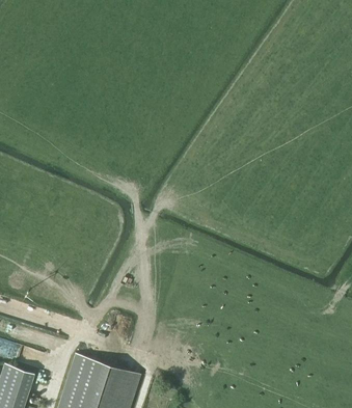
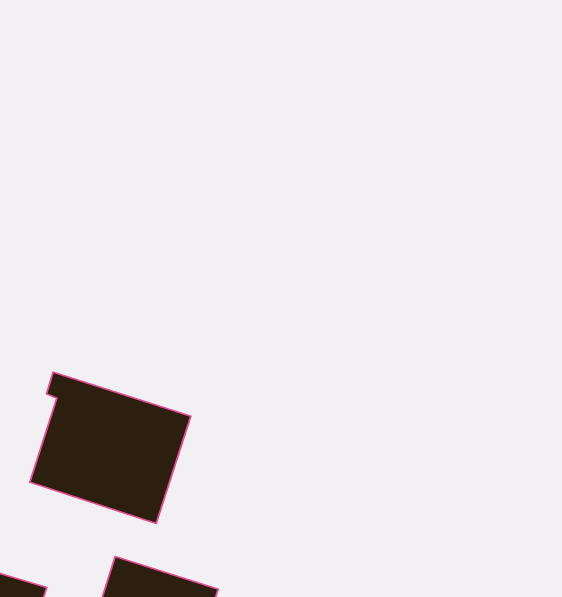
building: none -> [30,372,191,523]

